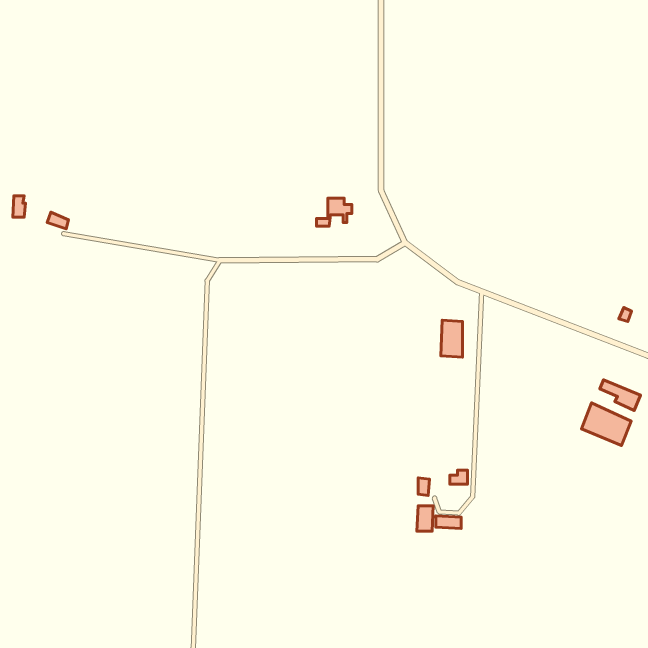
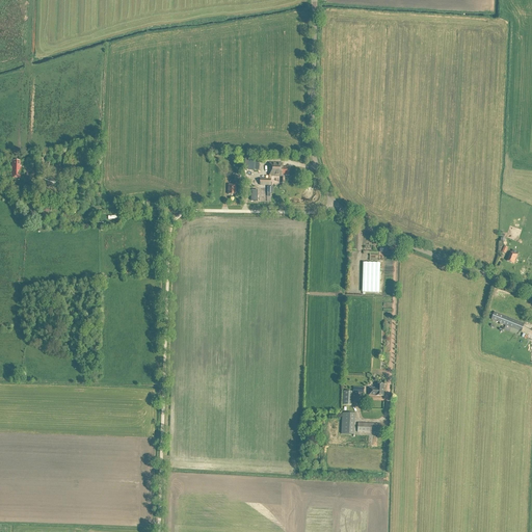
building: [581,403,631,446] -> none

